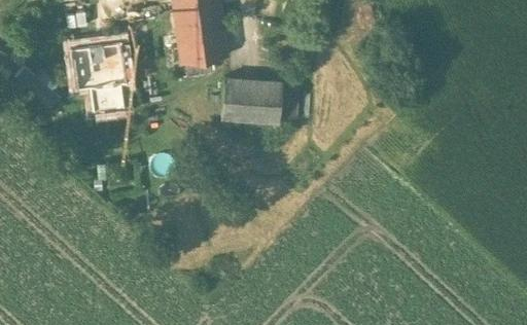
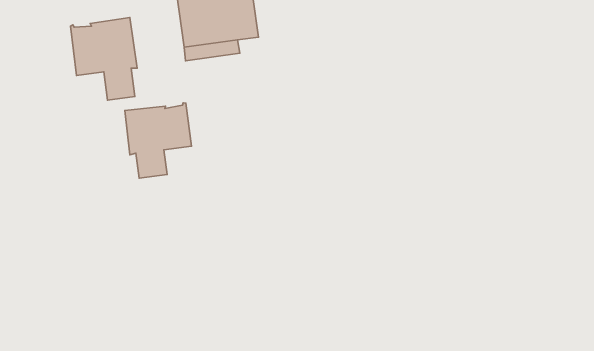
building: [222,77,283,120] -> none
building: none -> [125,103,192,178]

